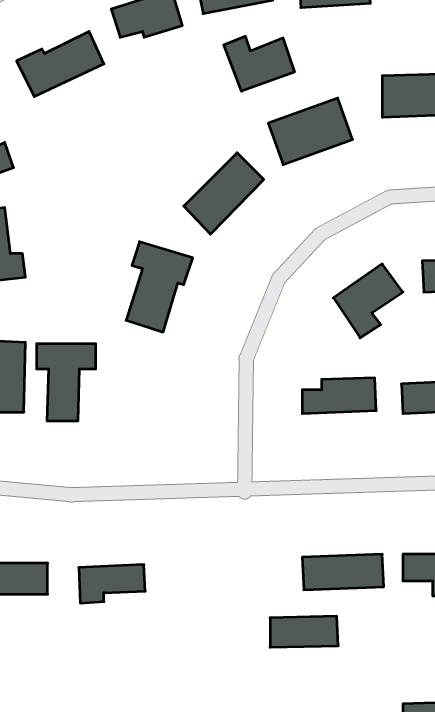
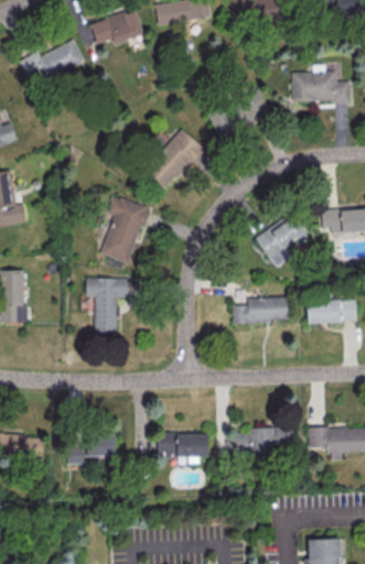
building: [224,36,294,91] -> none
building: [37,344,96,421] -> [86,278,130,335]
building: [270,616,338,647] -> [158,433,208,456]

